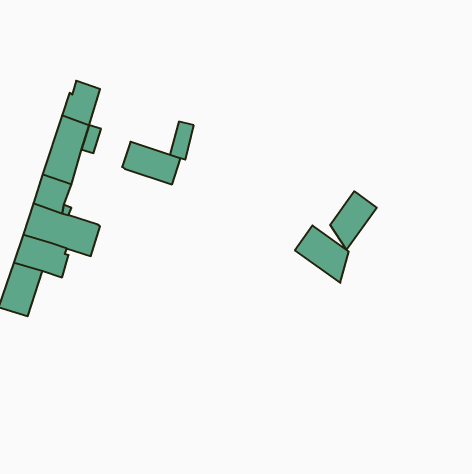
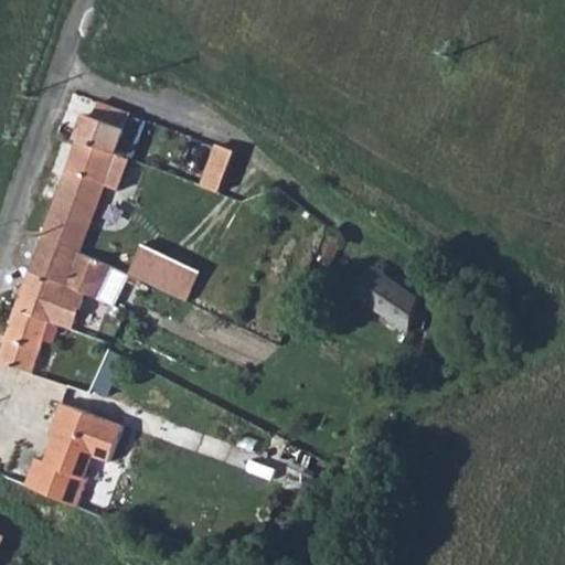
building: [122,142,180,184] -> [116,237,185,288]
building: [330,191,377,250] -> none
building: none -> [26,405,122,508]

